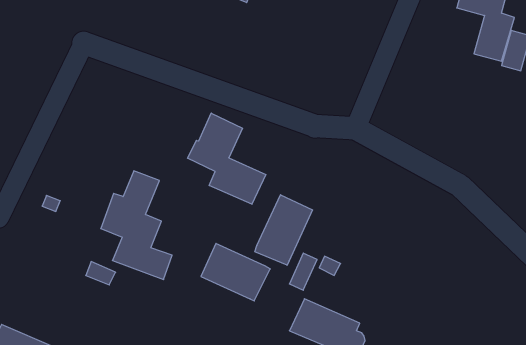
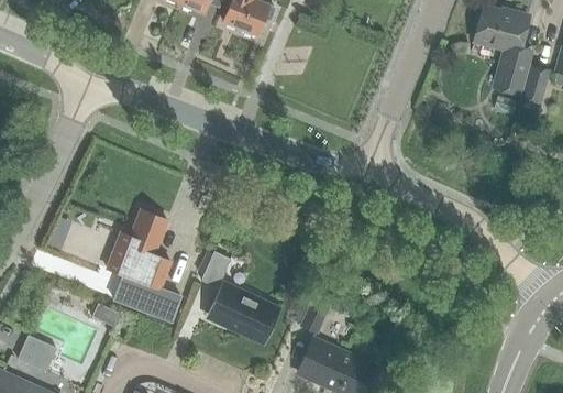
building: [188,113,266,204] -> none
building: [255,195,313,265] -> none
building: none -> [197,251,230,287]
building: none -> [18,336,56,372]

